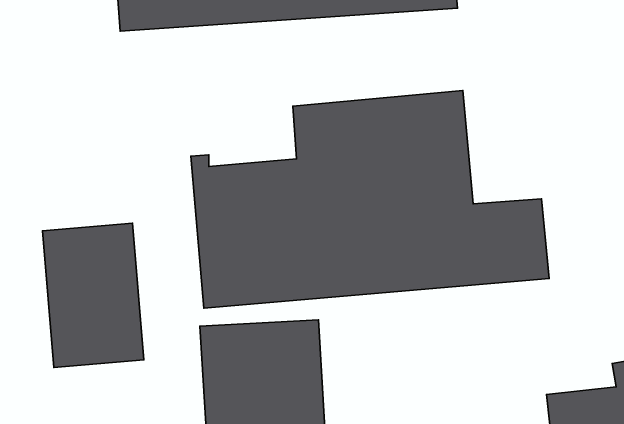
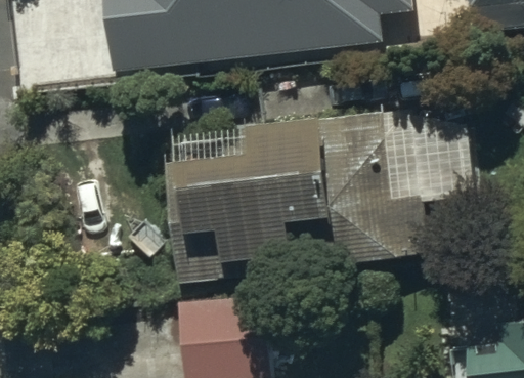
building: [43,223,144,368] -> none

